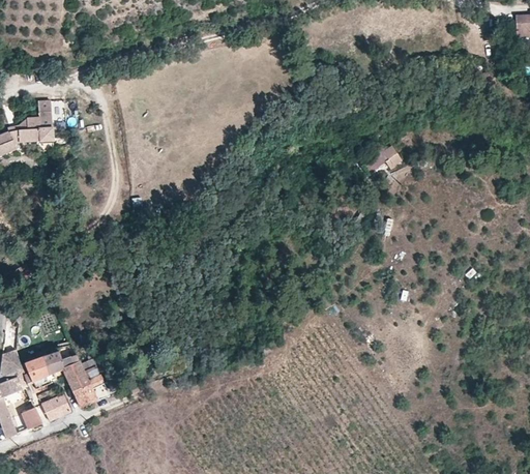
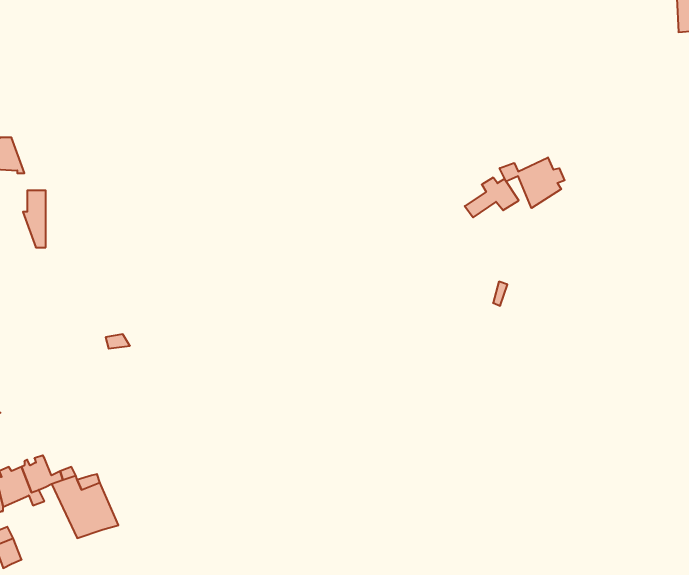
building: [33,101,50,143] -> [23,190,46,247]
building: none -> [500,157,565,208]
building: [41,395,70,420] -> none

